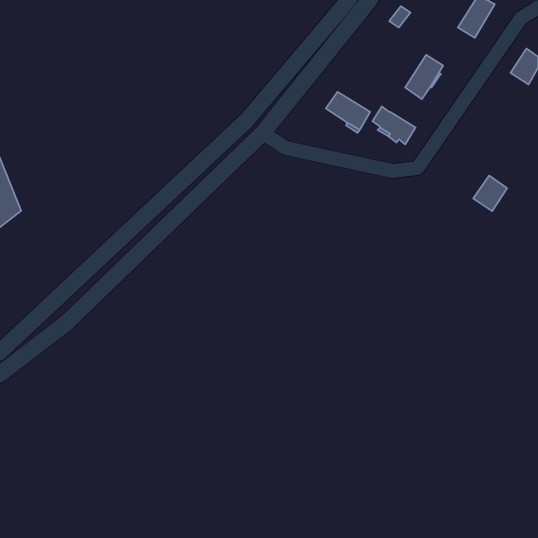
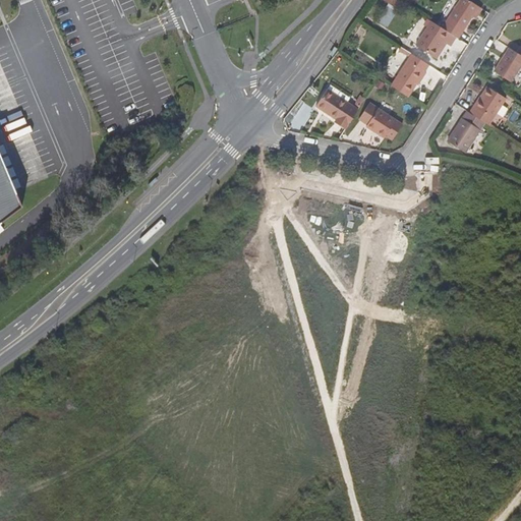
building: none -> [415,20,455,56]
building: none -> [469,85,505,124]
building: [473,175,507,211] -> [446,117,478,152]

